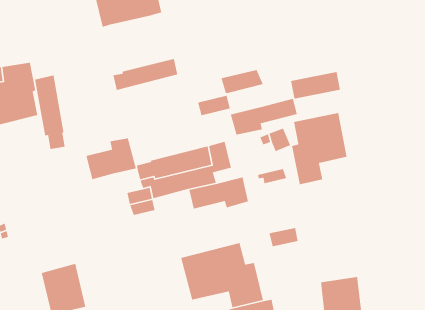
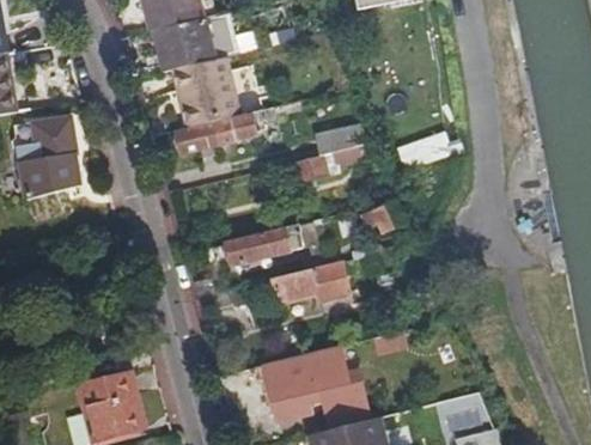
building: none -> [172,57,239,128]
building: [34,75,65,150] -> none
building: [230,98,298,136] -> none
building: [291,112,347,185] -> none
building: [86,137,137,180] -> none

